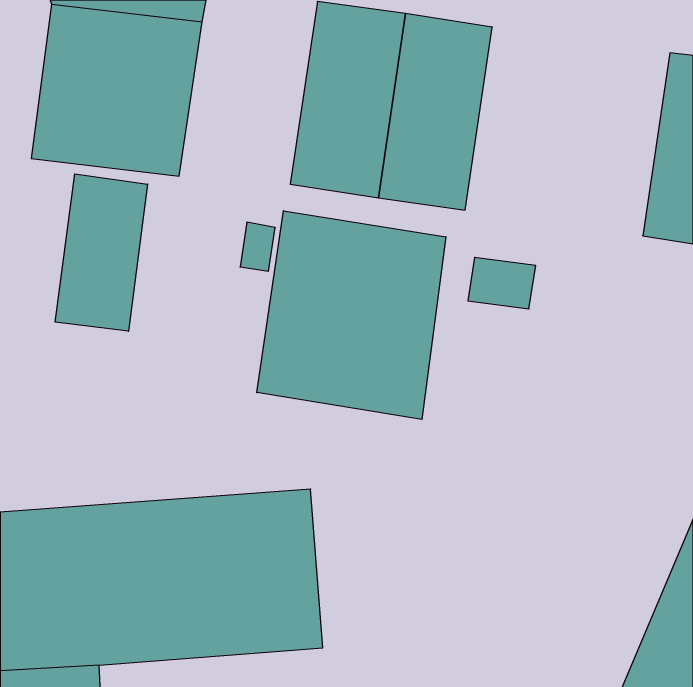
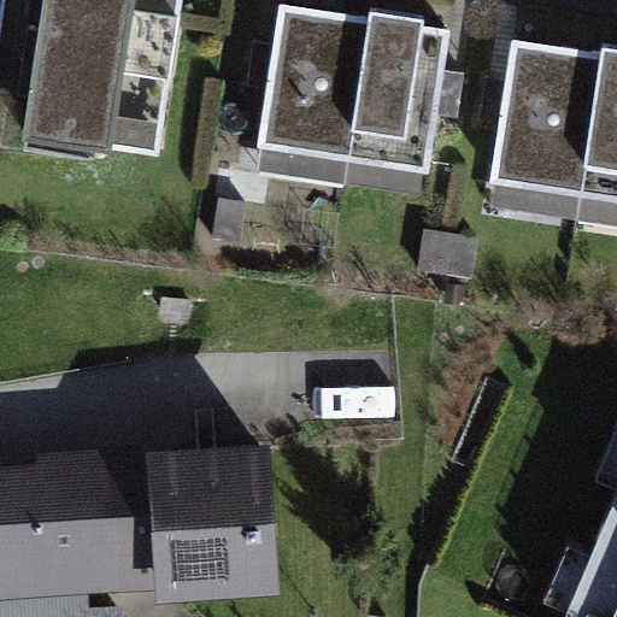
building: none -> [493,41,595,215]
building: [55,174,148,331] -> none
building: [257,211,446,419] -> none

